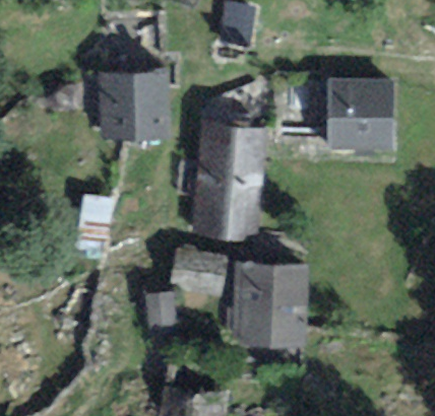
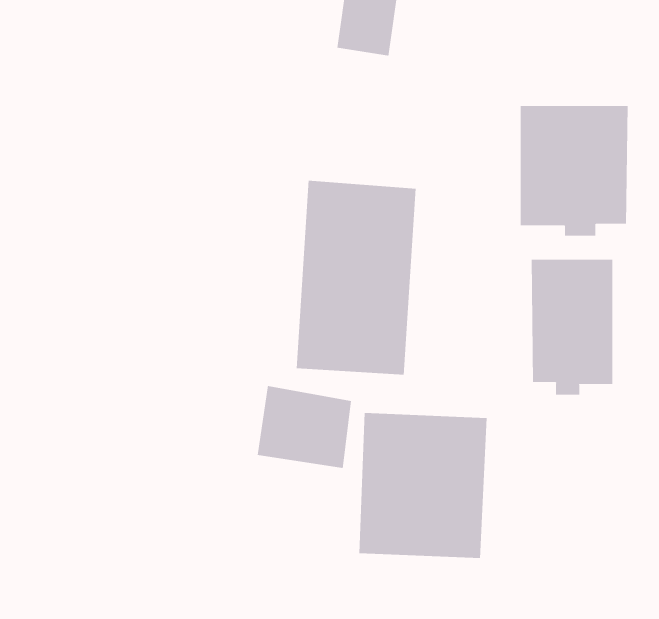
building: [99,68,173,141] -> none
building: none -> [531,259,613,395]

